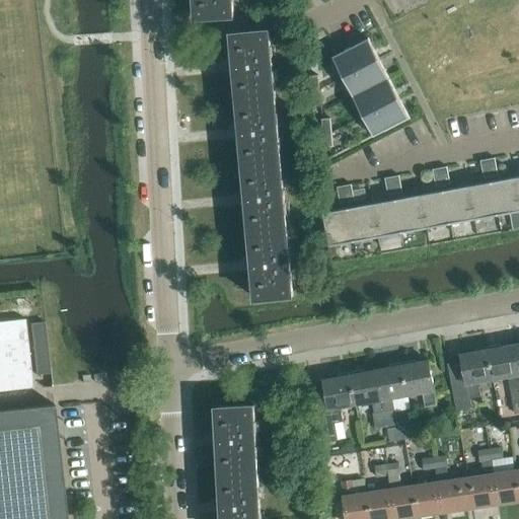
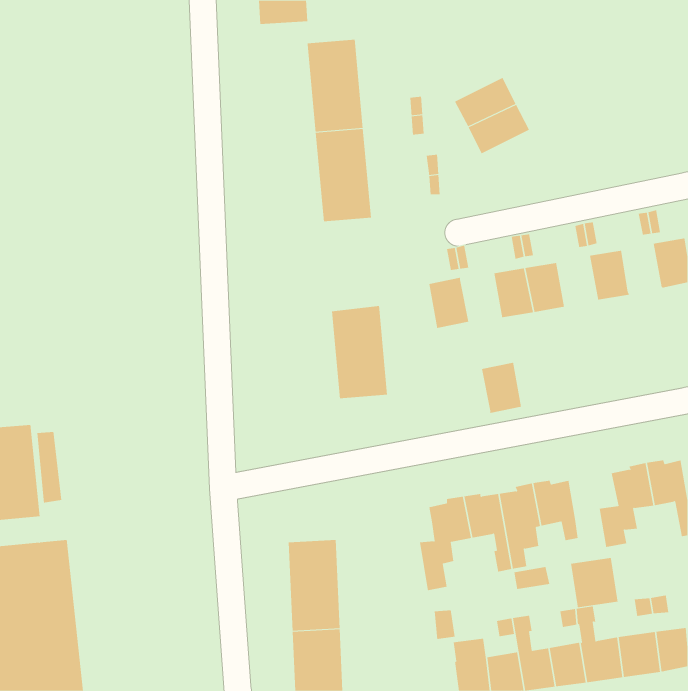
building: [330,38,377,76] -> none
building: [361,97,407,136] -> none
building: [242,163,285,233] -> none
building: [465,181,496,219] -> none
building: [418,192,448,230] -> none
building: [346,205,376,243] -> [481,362,522,413]
building: none -> [570,557,618,608]

